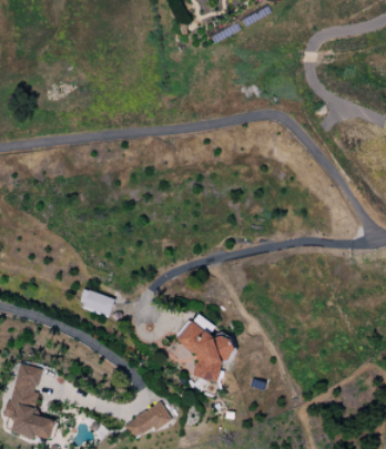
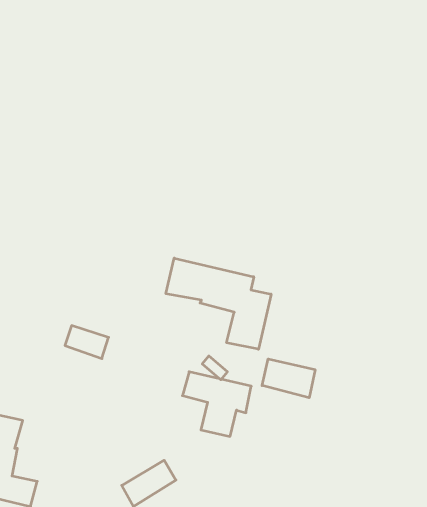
building: none -> [166,258,271,349]
building: none -> [262,359,315,398]

